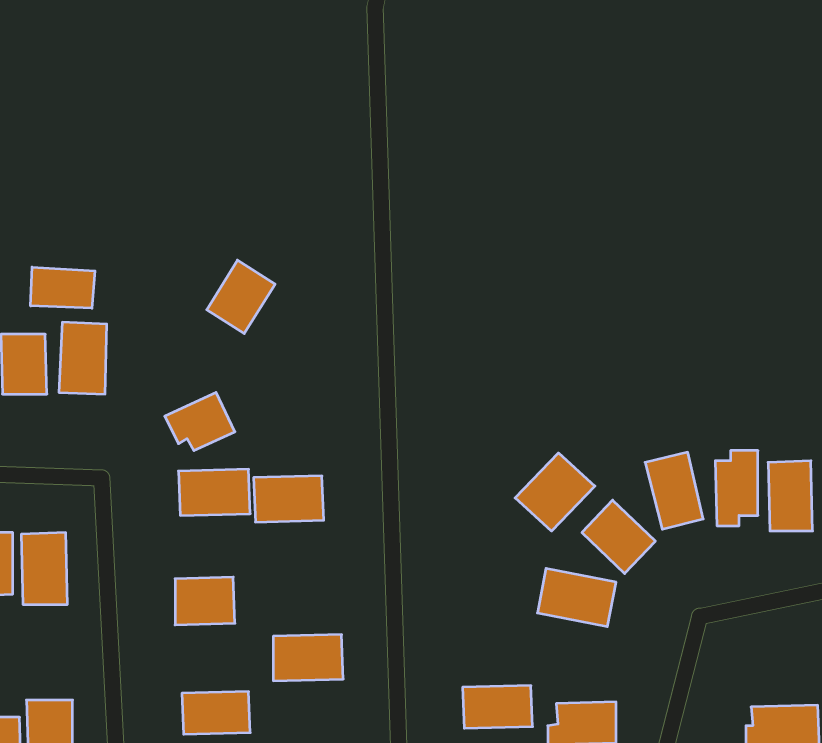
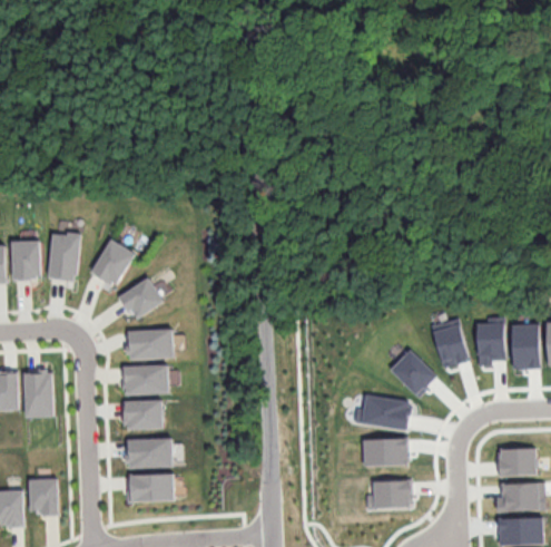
building: [207,260,275,334] -> [90,238,135,286]
building: [31,267,95,308] -> none
building: [515,453,595,531] -> none
building: [254,476,324,522] -> [122,364,168,394]
building: [273,635,343,681] -> [126,438,171,468]
building: none -> [498,448,535,476]
building: [463,686,533,728] -> [362,438,407,466]

